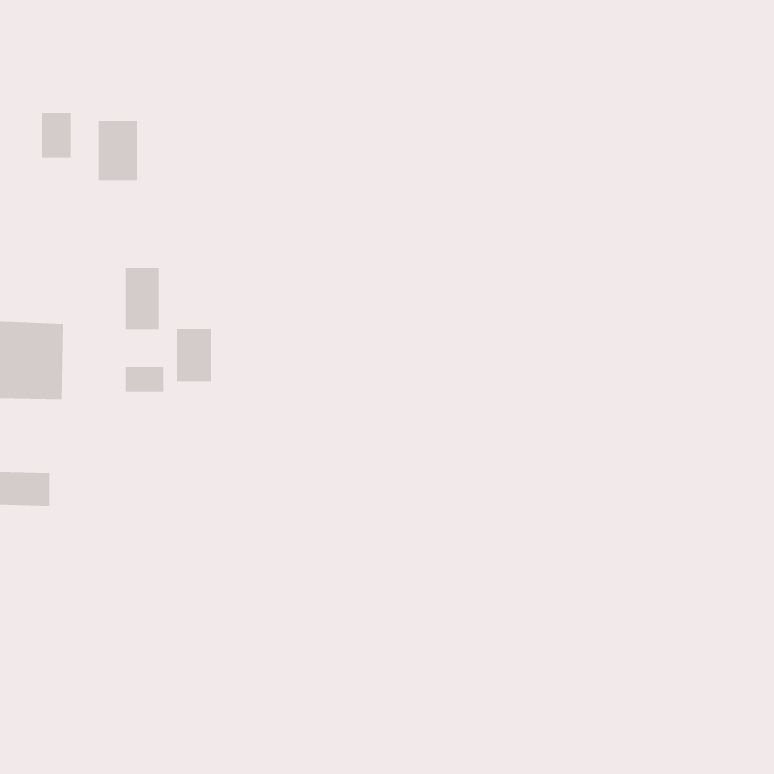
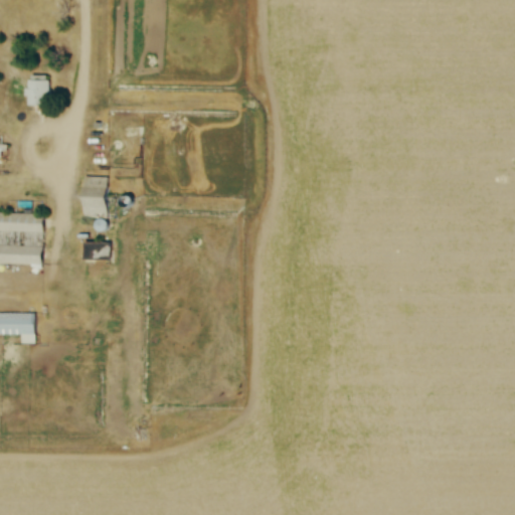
building: [98,120,137,181] -> none
building: [176,328,212,382] -> none

